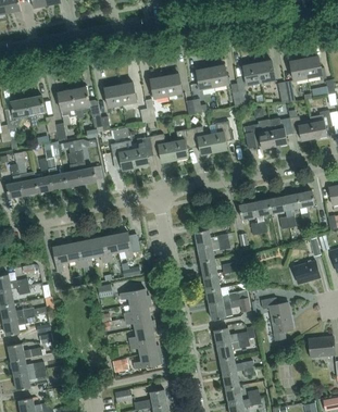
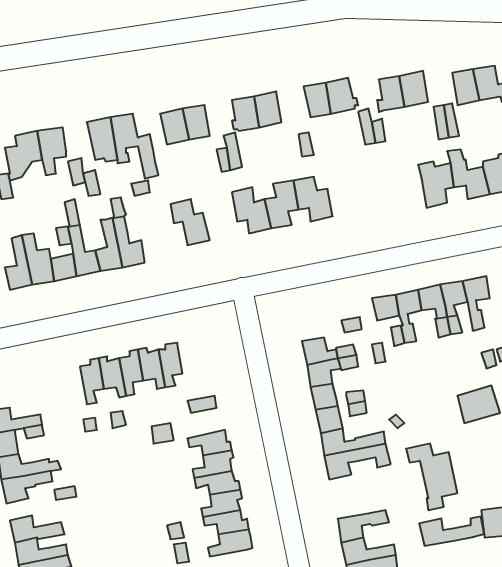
building: [243,120,274,149] -> none
building: [211,122,231,152] -> none
building: [132,137,153,167] -> none
building: [115,232,140,258] -> none
building: [214,326,255,345] -> [419,517,484,546]

